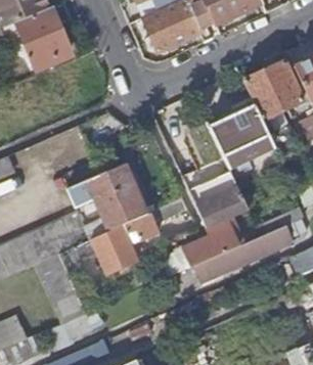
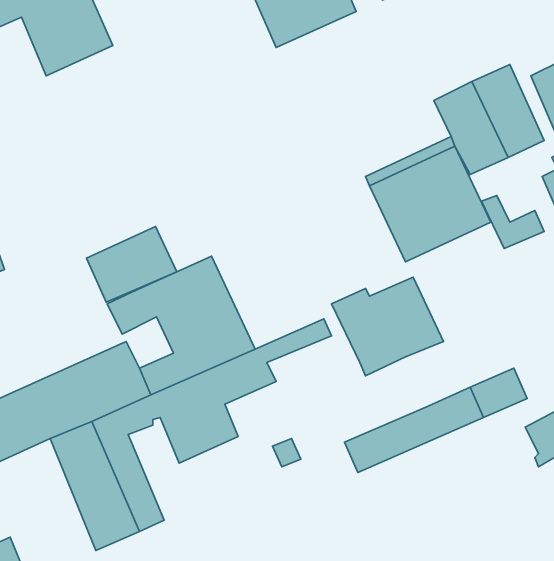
building: none -> [87,226,177,302]
building: [184,219,241,267] -> none

